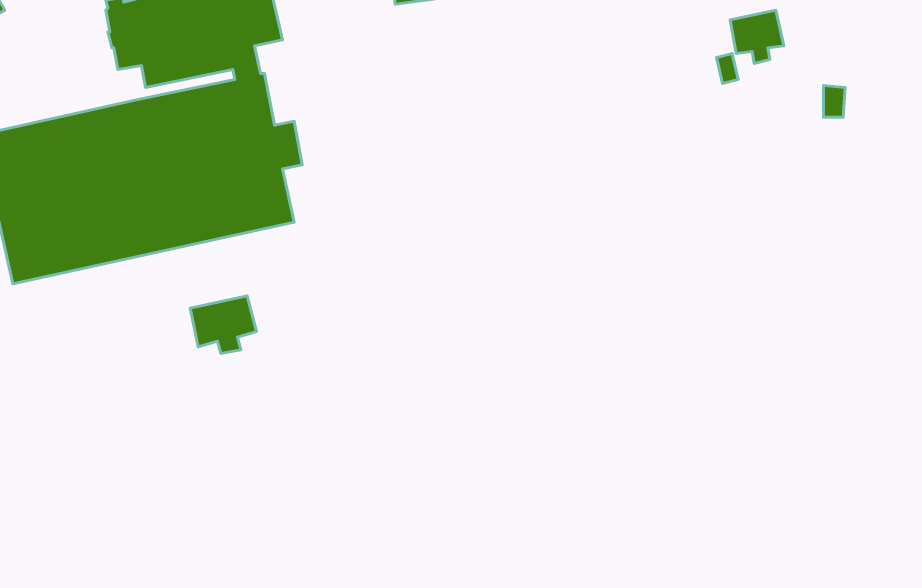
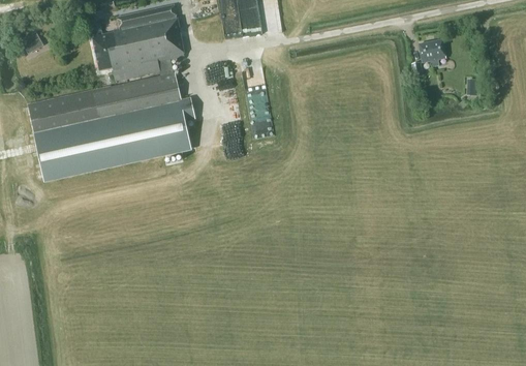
building: [190,296,257,354] -> none

